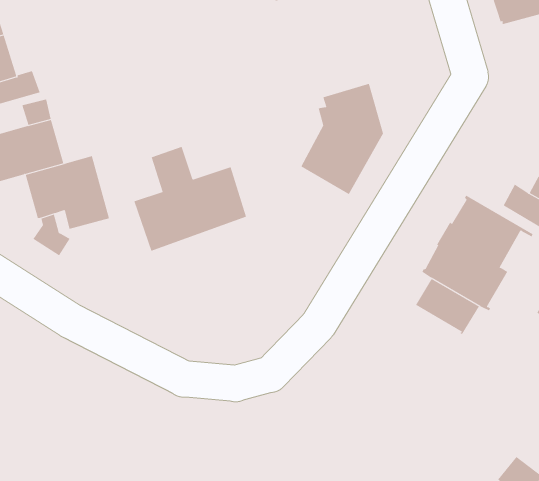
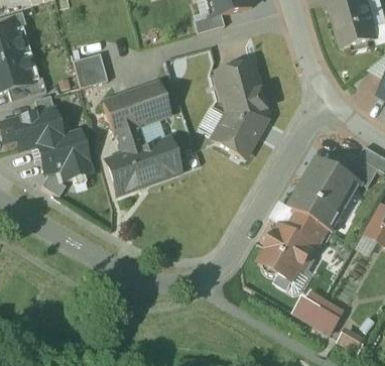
building: none -> [73,51,107,87]
building: none -> [216,60,257,93]
building: none -> [103,81,171,132]
building: none -> [260,223,315,279]
building: none -> [296,286,348,331]

